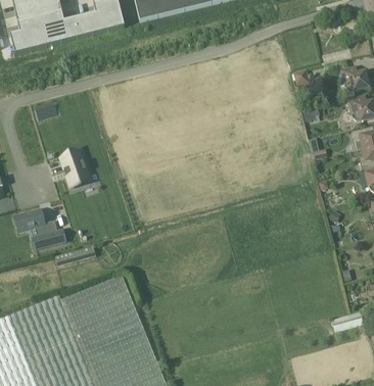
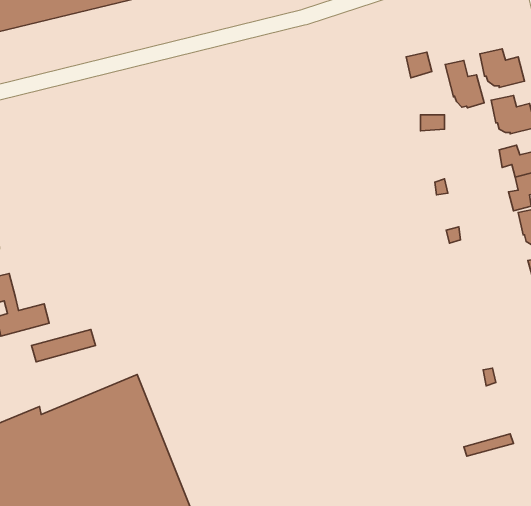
building: none -> [445,61,484,108]
building: [60,150,89,186] -> none

